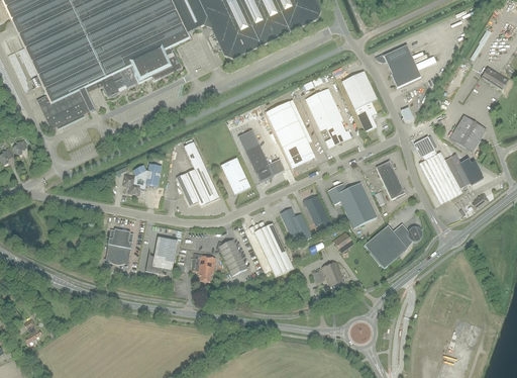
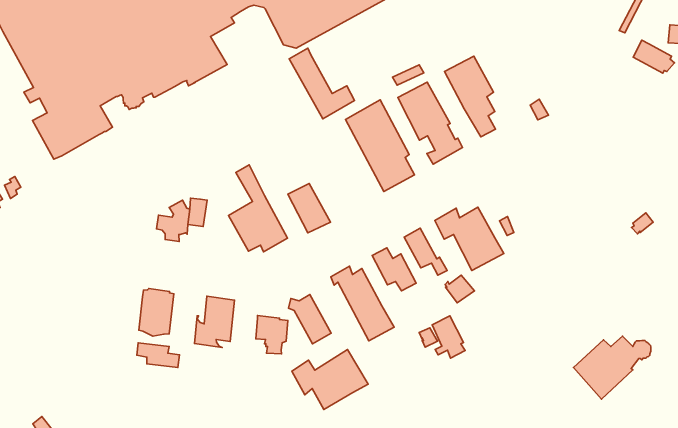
building: [375,42,436,86] -> none
building: [449,113,487,151] -> none
building: [238,128,285,181] -> [289,48,355,119]
building: [414,134,483,203] -> none
building: [377,158,407,198] -> none
building: [365,222,422,268] -> [574,336,651,399]
building: none -> [137,343,179,367]
building: none -> [292,349,368,409]

